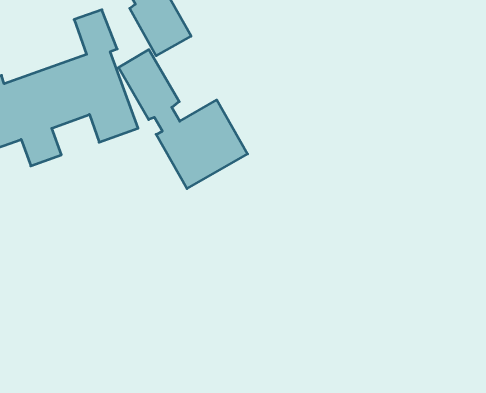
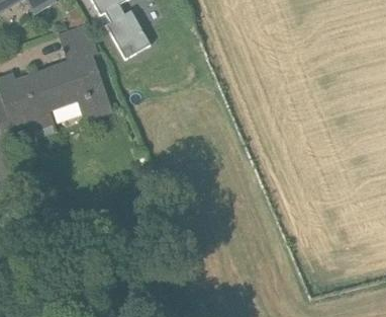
building: [118,50,248,189] -> none

